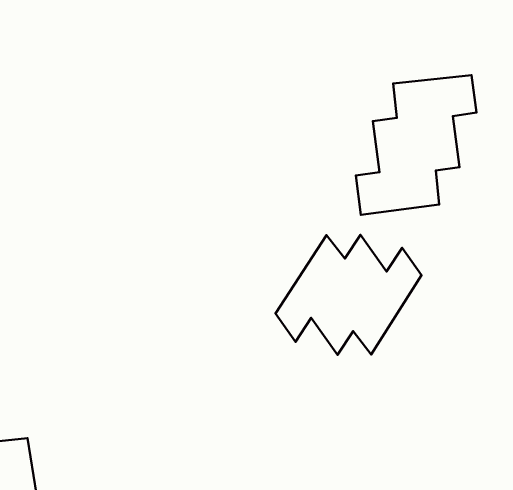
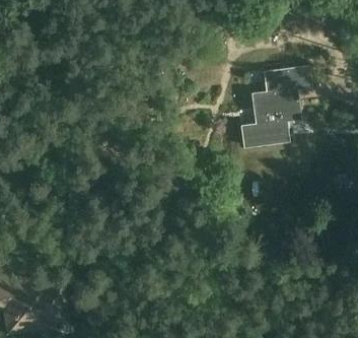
building: [275,235,421,355] -> none

